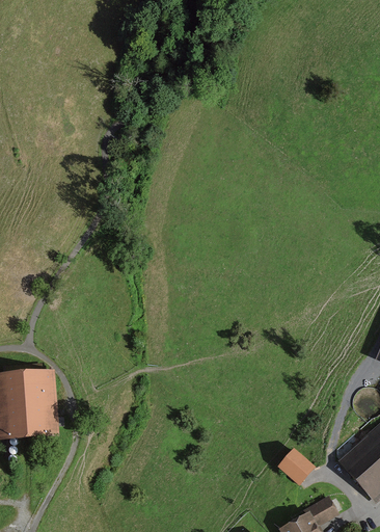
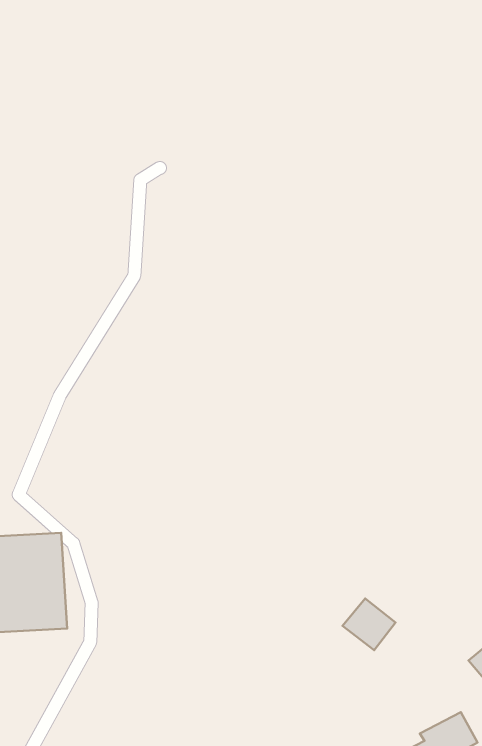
building: [277,450,314,485] -> [342,598,396,650]

